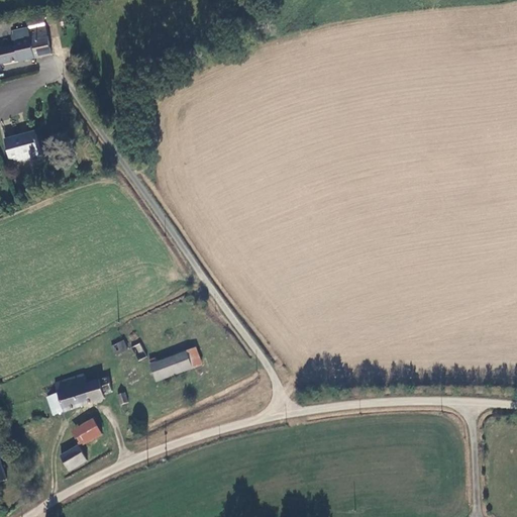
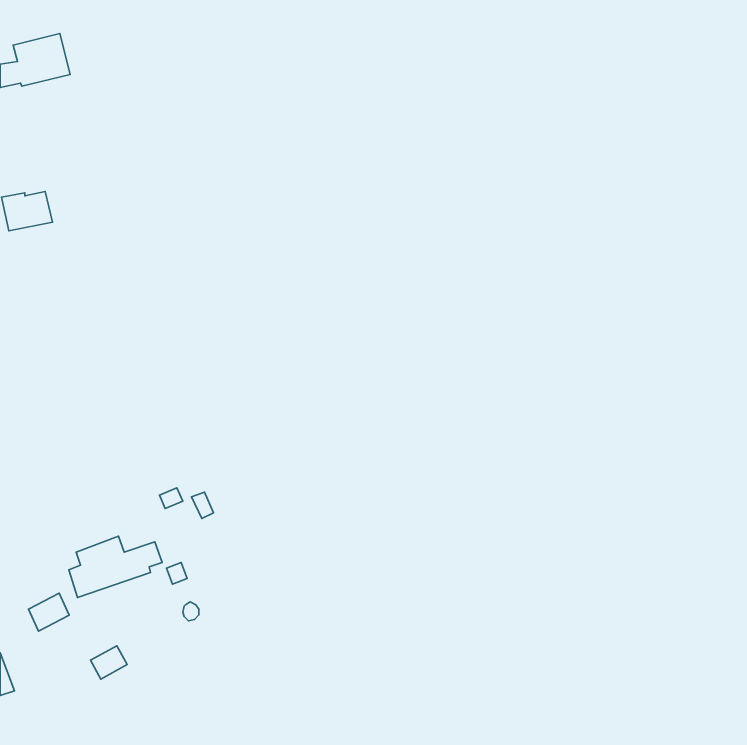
building: [151,350,194,380] -> none
building: [74,421,102,447] -> [28,593,69,631]

